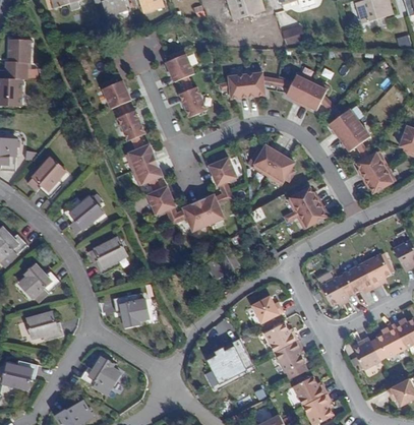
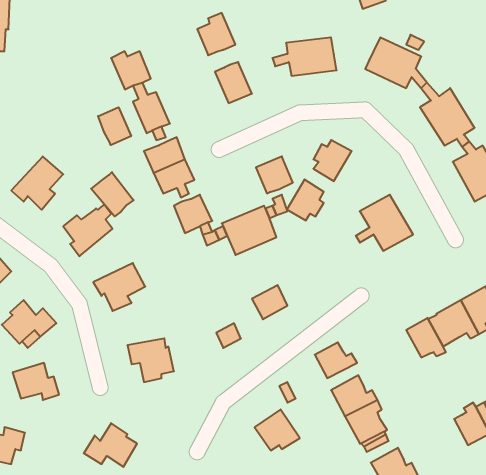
building: none -> [98,107,131,145]
building: [267,154,294,184] -> [287,179,324,220]
building: none -> [91,172,134,216]

